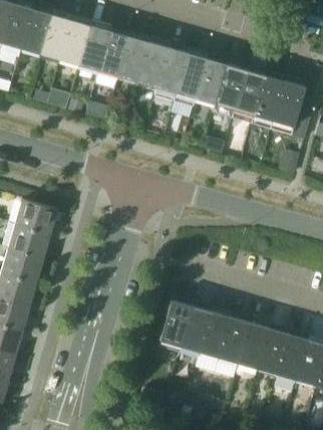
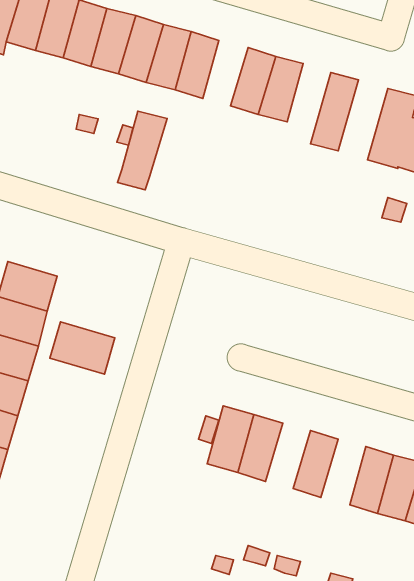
building: [153,47,188,101] -> [118,111,167,190]
building: [212,63,245,119] -> none
building: [250,74,284,130] -> none
building: none -> [50,322,115,374]
building: [200,311,231,357] -> none
building: [238,322,269,368] -> none

